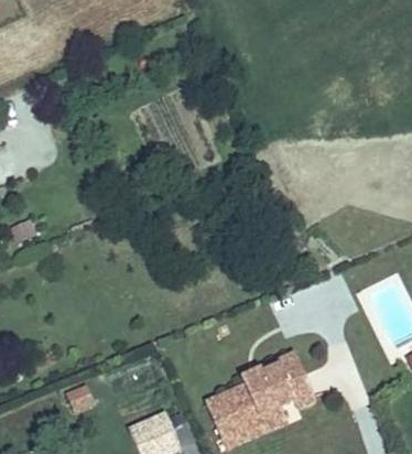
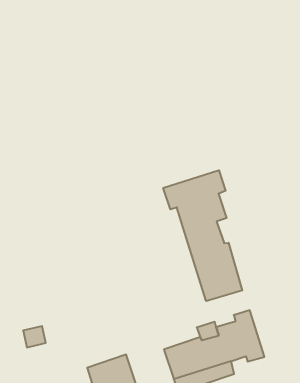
building: none -> [163,170,242,301]

